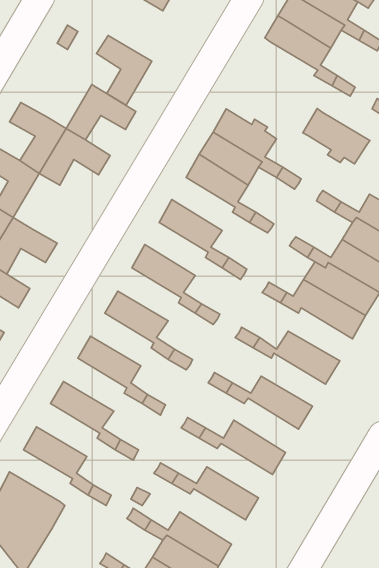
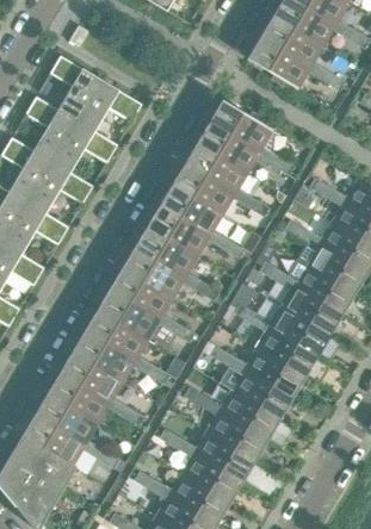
building: [96,35,152,105] -> [48,55,99,119]
building: [303,108,370,164] -> [246,36,308,87]
building: none -> [26,161,92,212]
building: none -> [173,164,231,213]
building: none -> [148,206,206,255]
building: none -> [123,248,181,297]
building: none -> [280,285,340,334]
building: none -> [98,290,156,338]
building: none -> [255,326,315,375]
building: none -> [73,331,131,380]
building: none -> [230,368,290,418]
building: none -> [48,373,106,422]
building: none -> [205,410,266,460]
building: none -> [23,416,81,467]
building: none -> [180,452,241,503]

